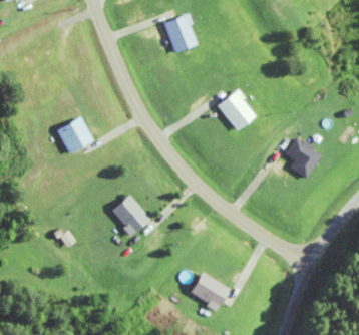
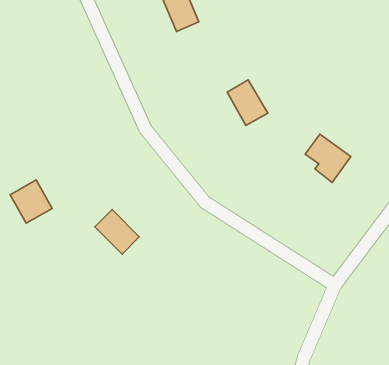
building: [59,117,93,152] -> [10,180,52,223]
building: [192,274,229,308] -> none

